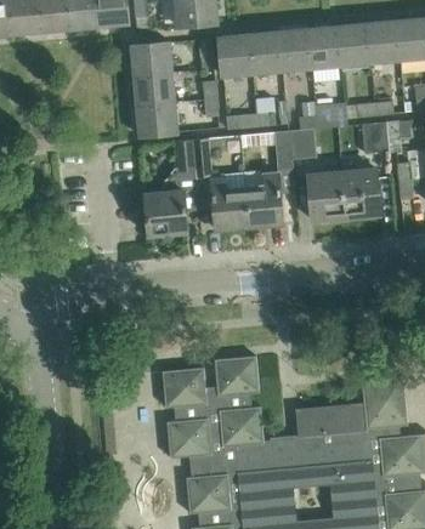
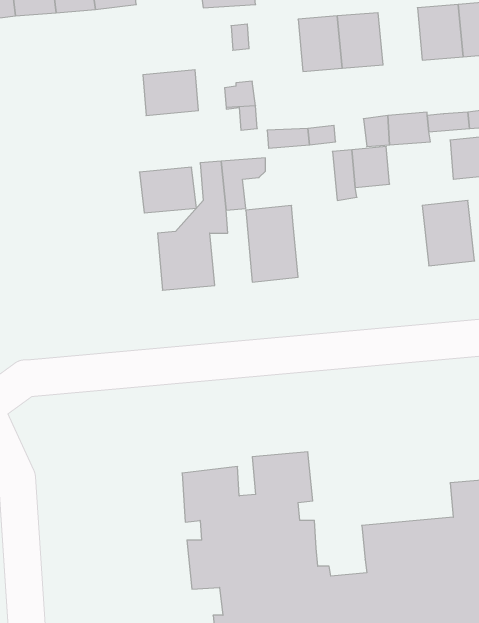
building: [307,25,340,68] -> none
building: [217,34,251,76] -> none
building: [130,41,171,75] -> none
building: [135,102,177,136] -> [139,167,197,213]
building: [306,172,345,220] -> none
building: [244,174,282,226] -> none

